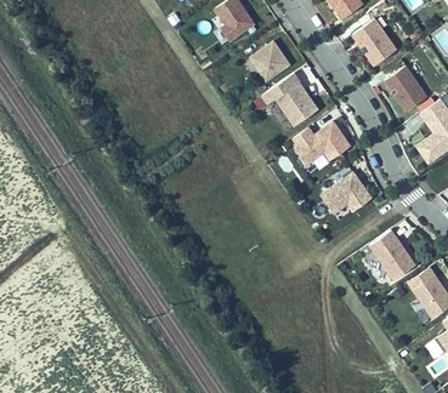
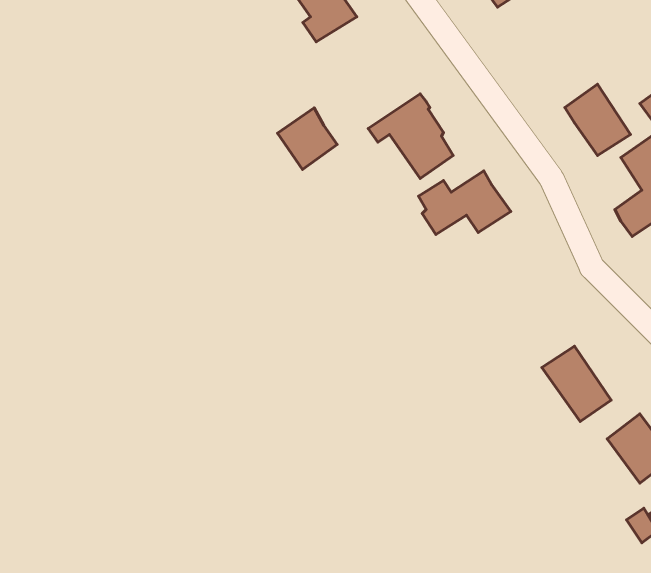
building: [352,19,396,66] -> none
building: [251,40,289,79] -> [277,108,337,170]
building: [319,171,370,213] -> none

